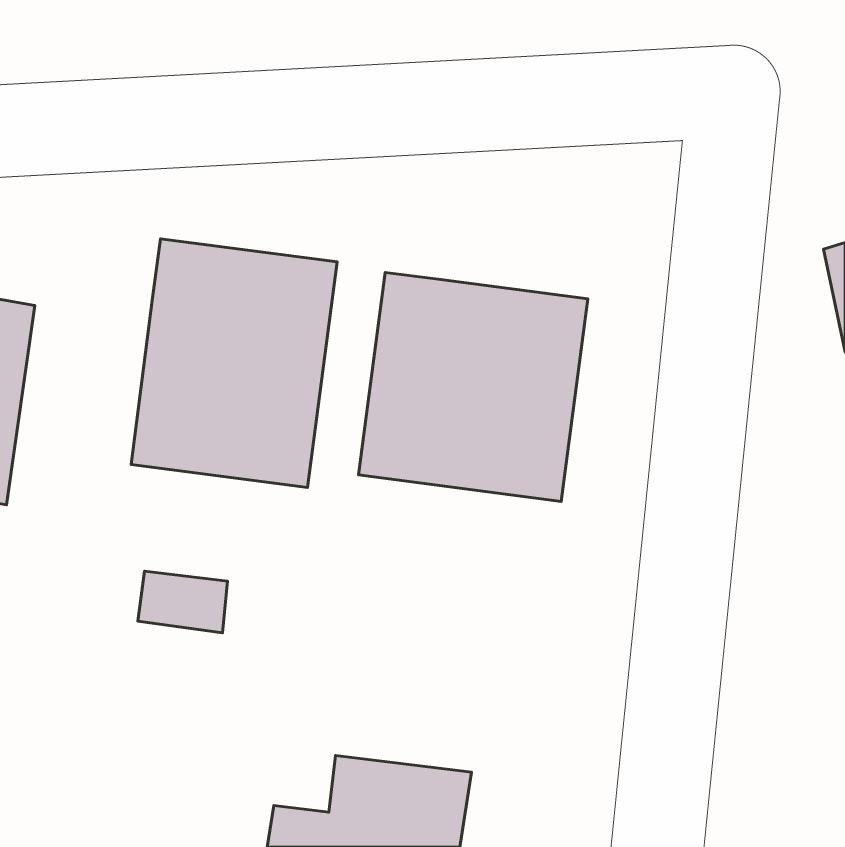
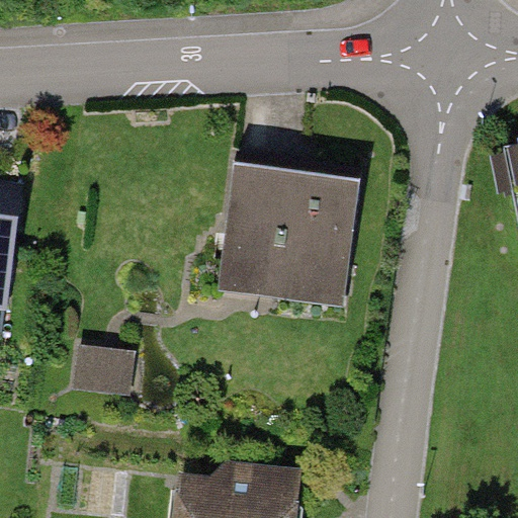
building: [131,239,337,488] -> none

